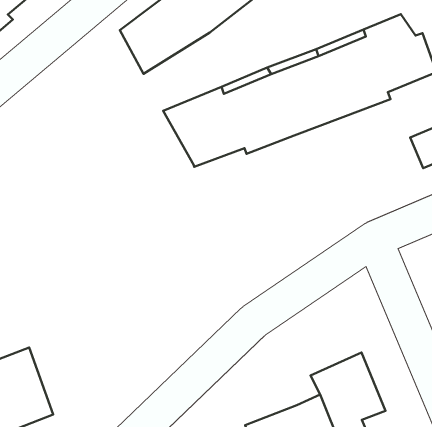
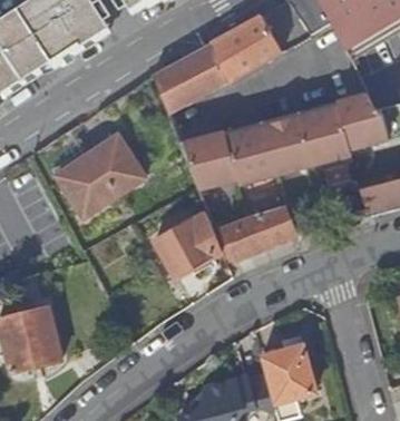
building: none -> [57,136,145,218]
building: none -> [213,207,295,264]
building: none -> [155,219,214,278]

